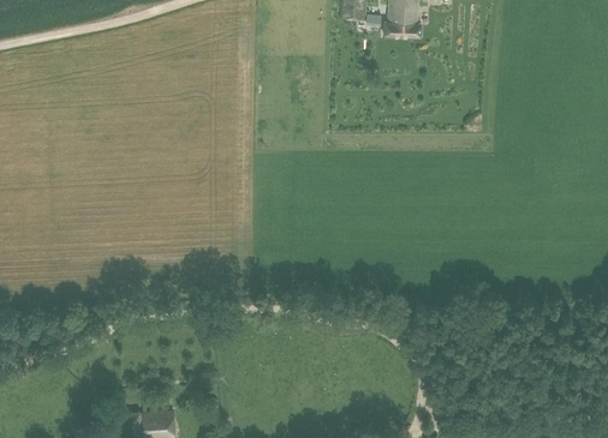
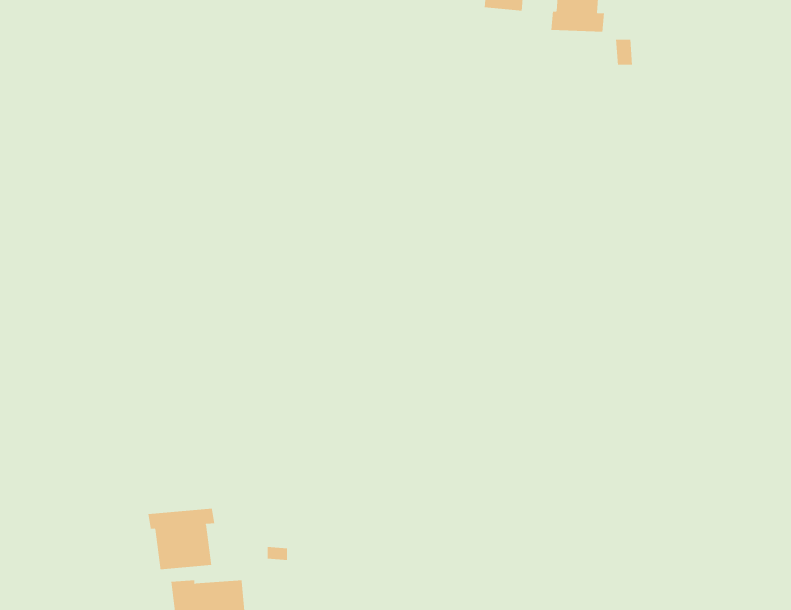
building: none -> [148,508,215,570]

